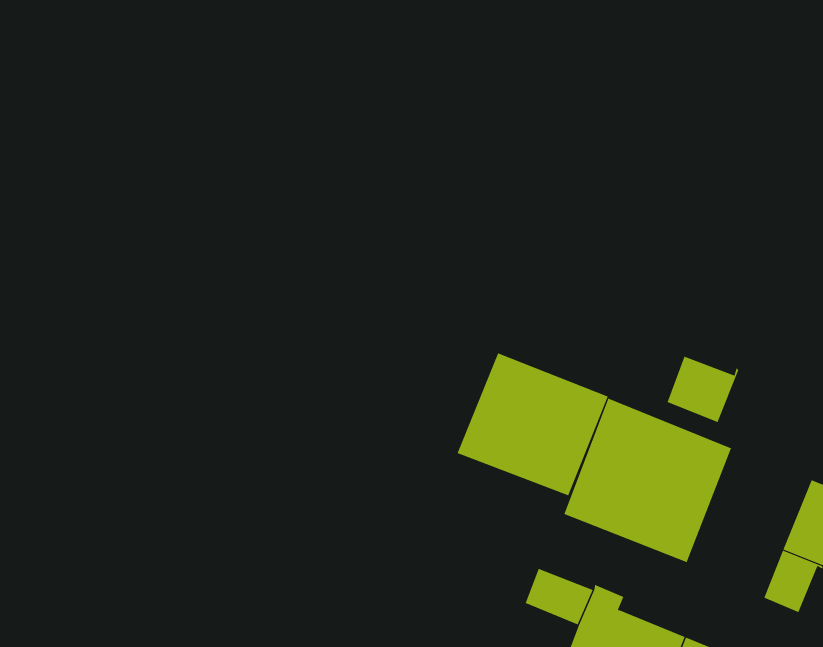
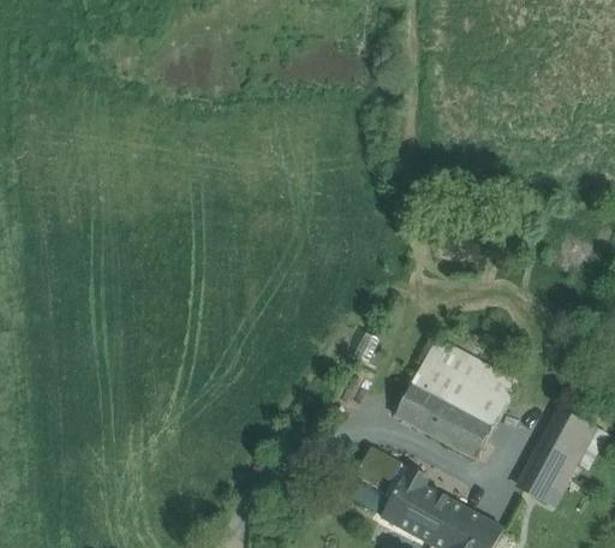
building: [457,353,608,496] -> none
building: [667,356,739,423] -> none

